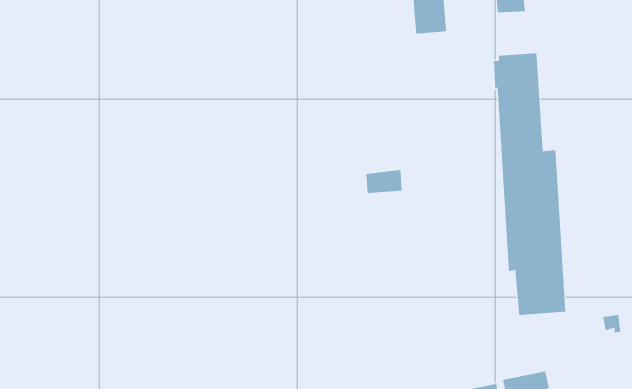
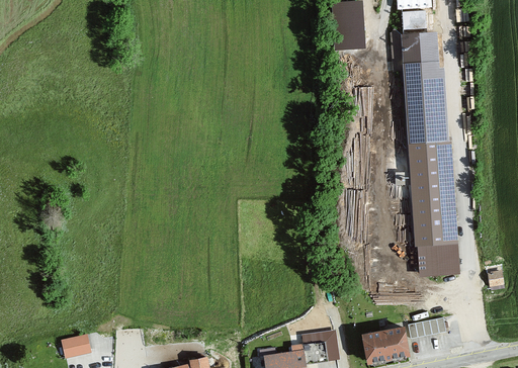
building: none -> [394,30,436,69]
building: [366,169,402,194] -> none

